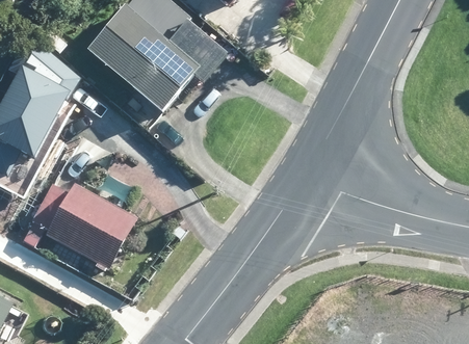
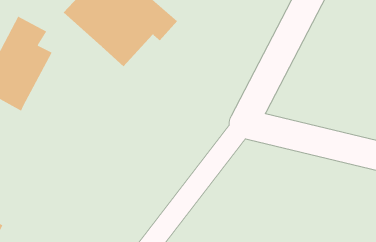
building: [33,180,136,268] -> none

